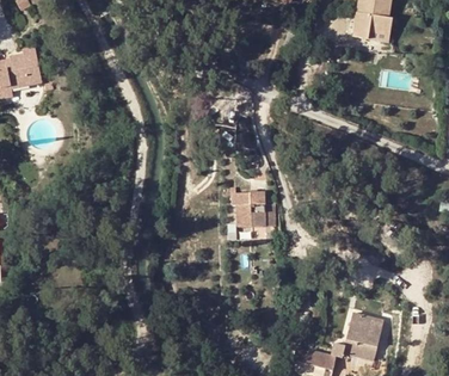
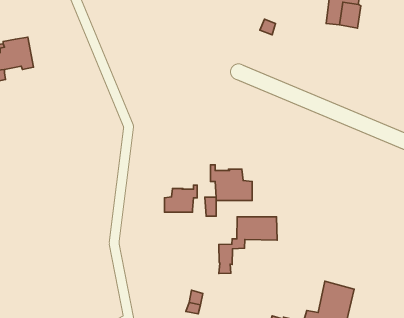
building: none -> [165,185,197,212]
building: none -> [219,217,277,274]

